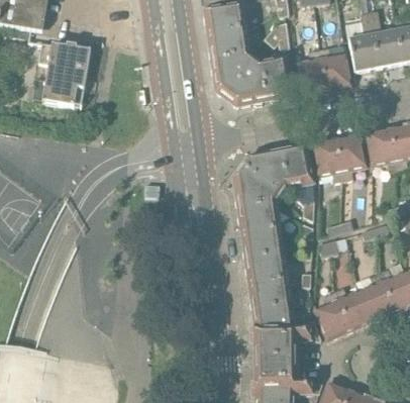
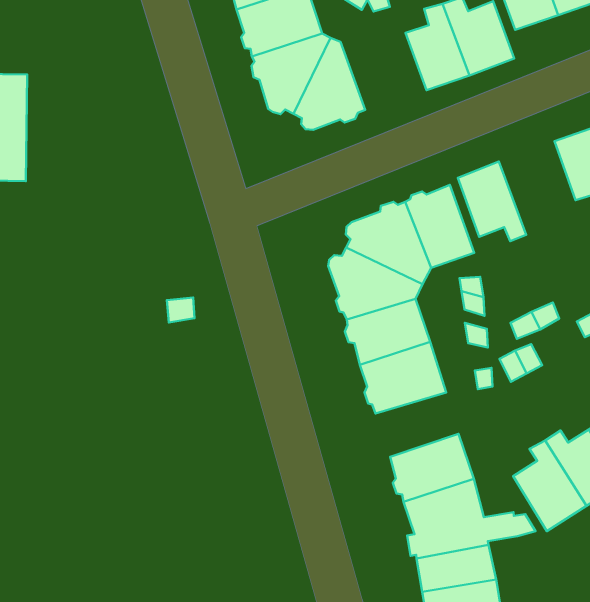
building: [261,57,293,101] -> none
building: [334,133,367,180] -> none
building: [244,257,289,286] -> none

